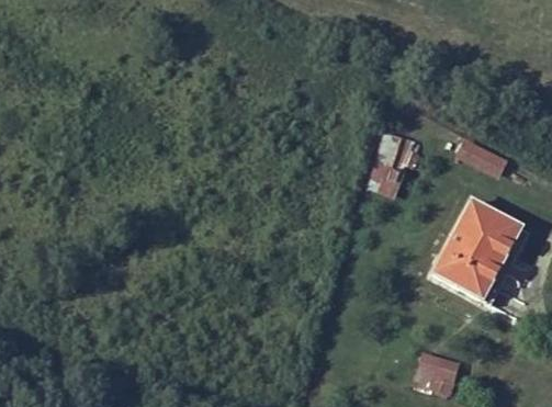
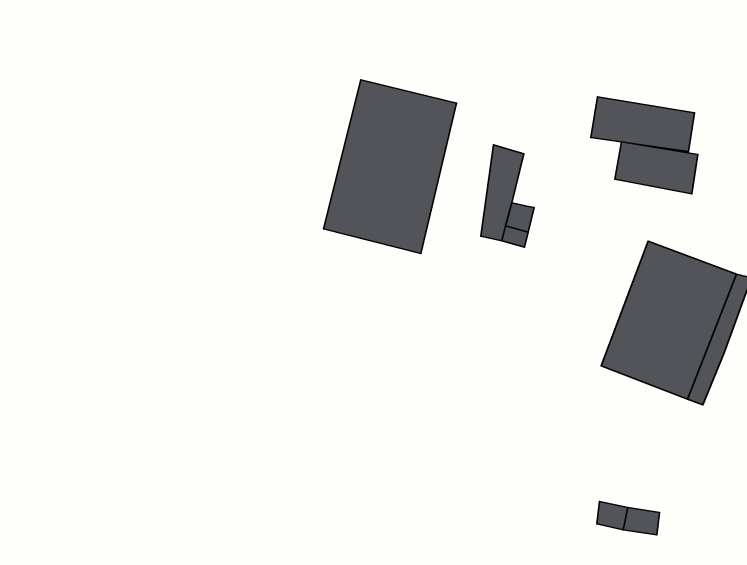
building: none -> [323,80,457,253]
building: none -> [591,97,694,152]

